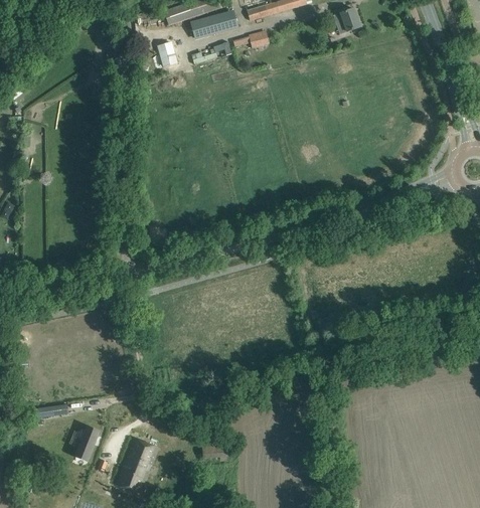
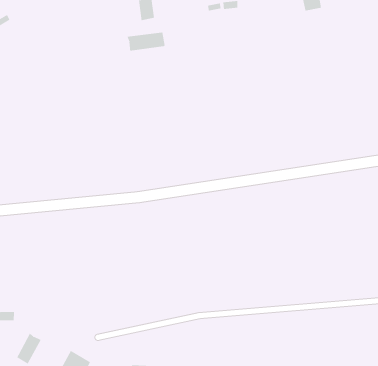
building: none -> [127,31,169,52]

